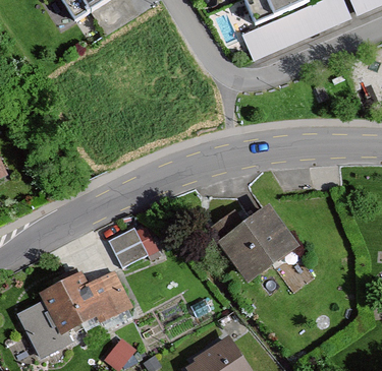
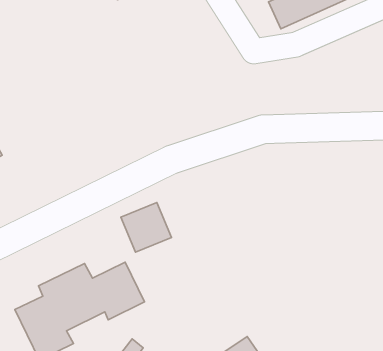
building: [203,203,297,285] -> none

